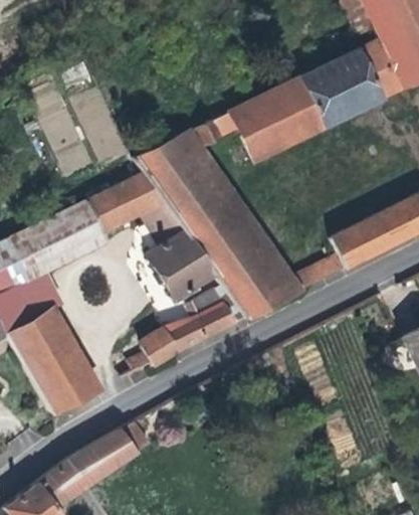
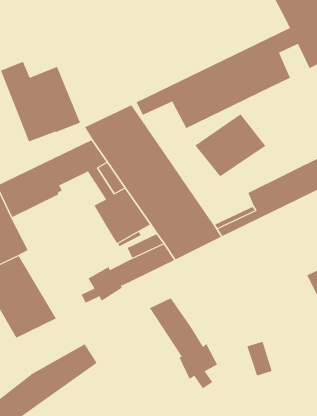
building: [371,58,406,99] -> none
building: none -> [194,113,266,177]
building: none -> [149,297,218,389]

